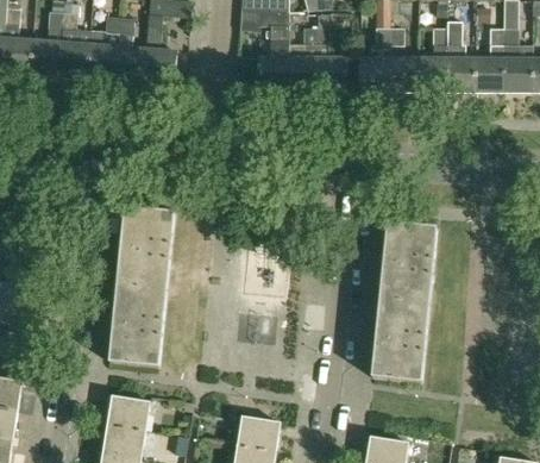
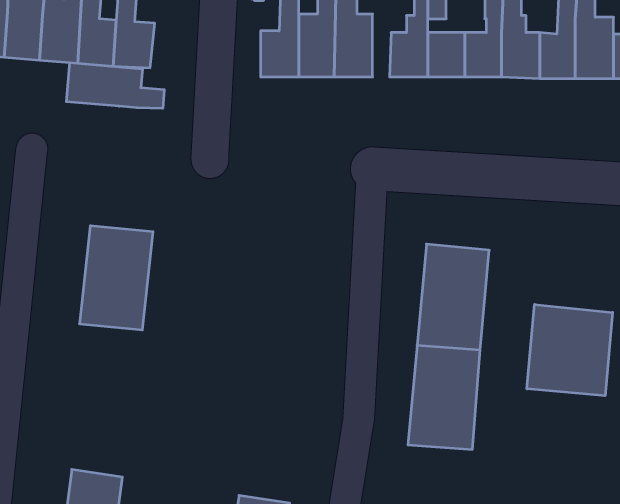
building: none -> [66,63,164,108]
building: none -> [527,304,613,396]
building: [109,283,165,367] -> none

